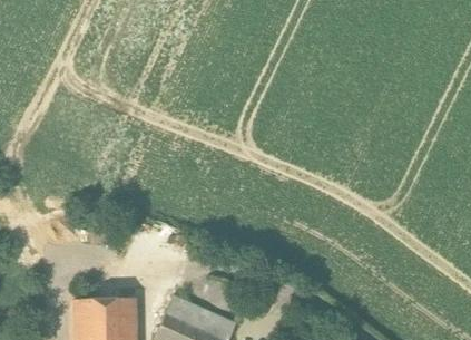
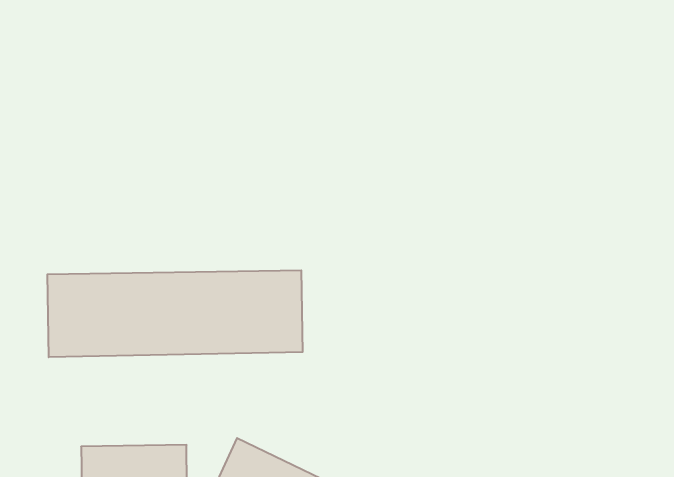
building: none -> [47,270,303,357]

